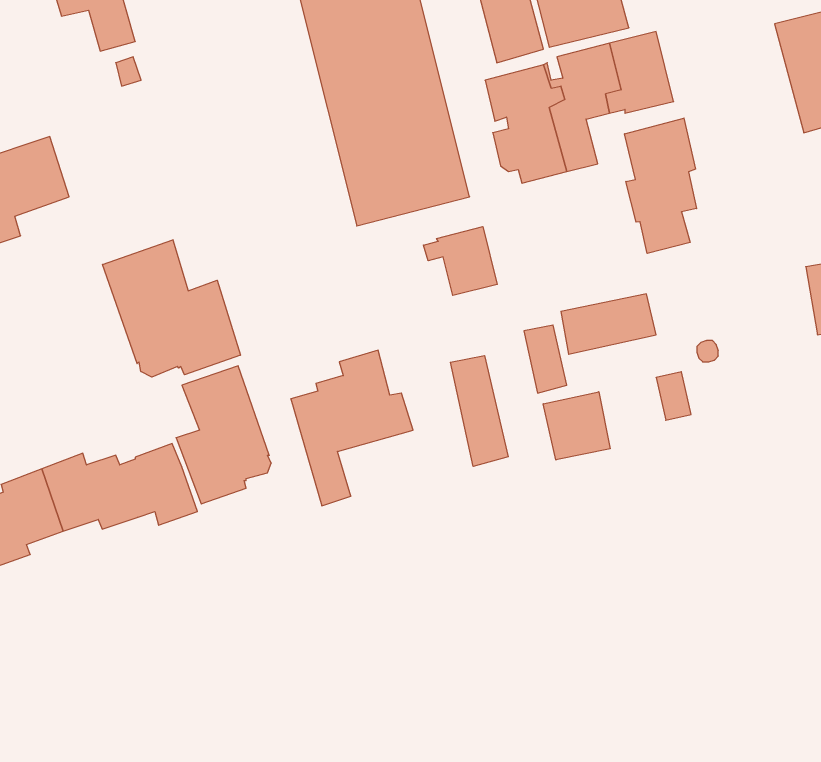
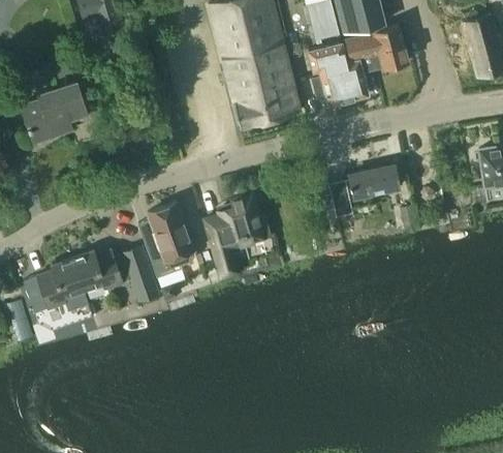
building: [625,118,697,253] -> none
building: [423,227,497,295] -> none
building: [103,240,240,377] -> none
building: [450,356,508,466] -> none
building: [543,392,610,460] -> none

